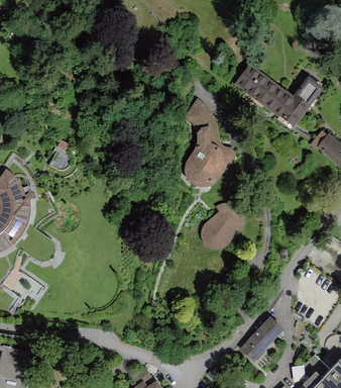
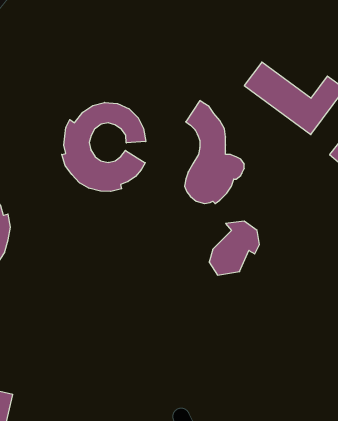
building: none -> [62,102,146,191]
building: [238,315,282,362] -> none

